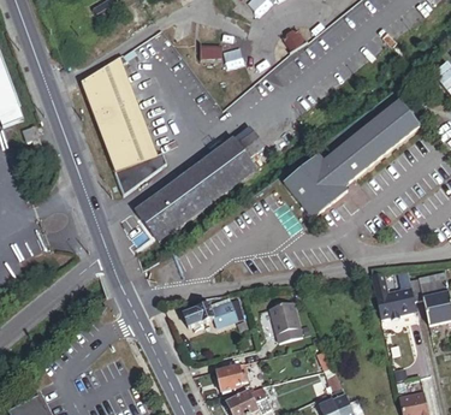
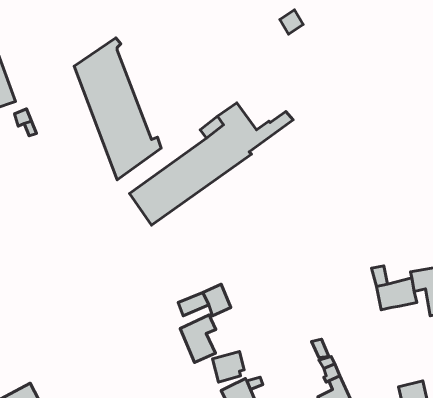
building: [283,97,419,214] -> none
building: [269,301,301,340] -> none
building: none -> [180,315,216,363]

